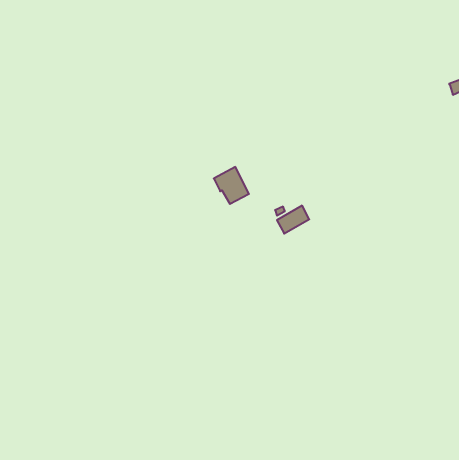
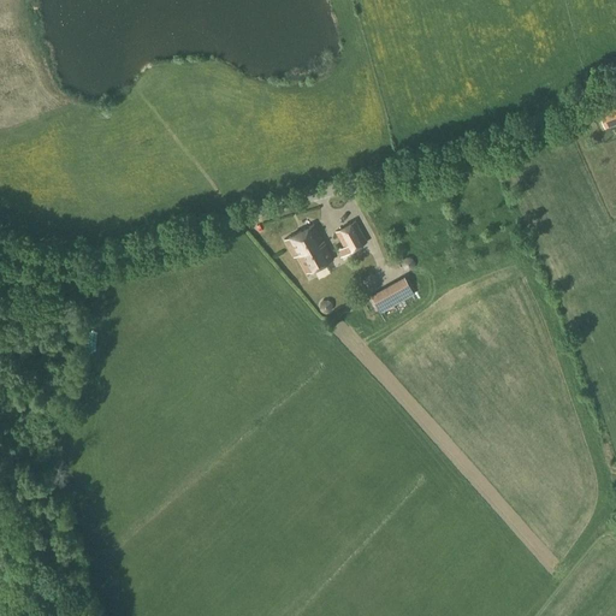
building: none -> [336,219,369,253]

